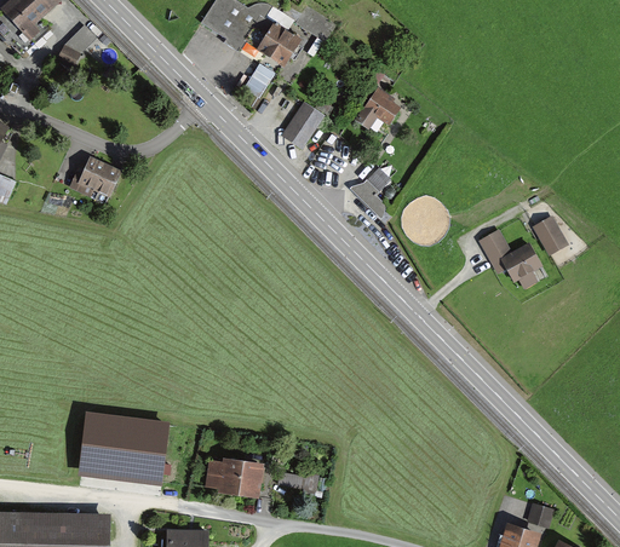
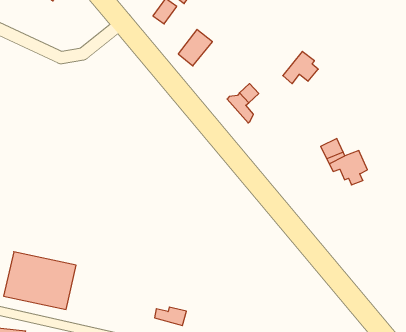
building: [355,86,401,129] -> [283,51,318,84]
building: [69,157,121,198] -> none
building: [533,215,568,254] -> none
building: [205,457,264,499] -> none

